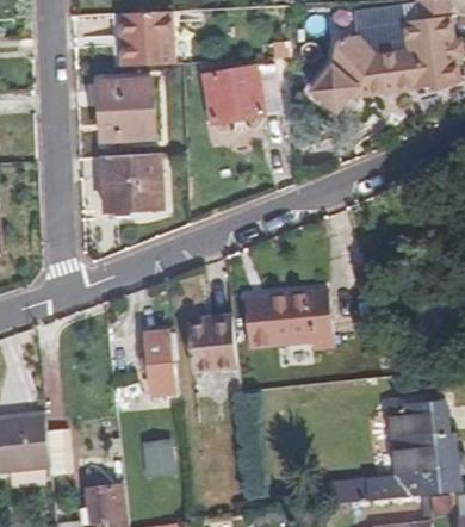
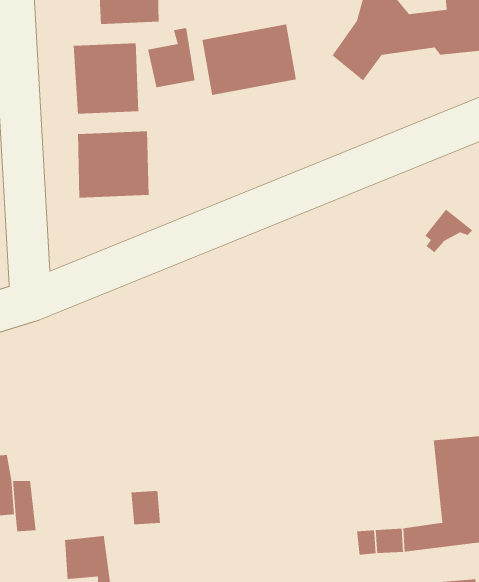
building: none -> [147,27,196,88]
building: [243,285,322,343] -> none
building: [190,322,238,376] -> none
building: [145,333,178,402] -> none

